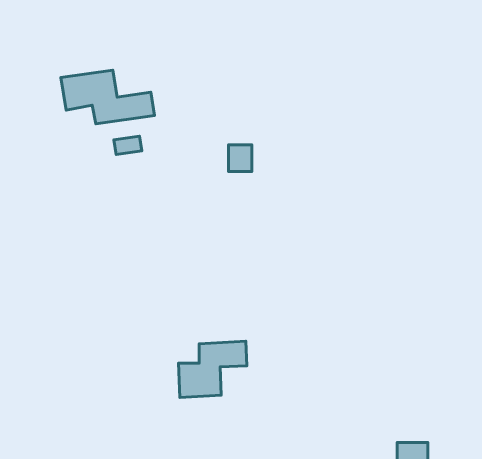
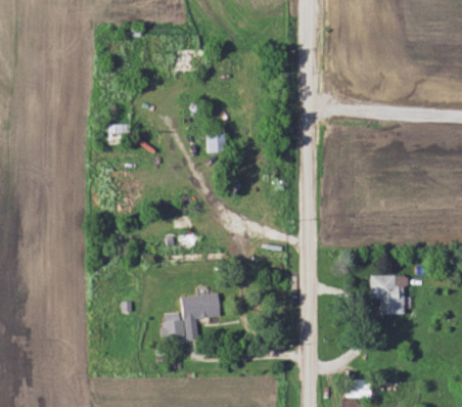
building: [61,70,154,124] -> none
building: none -> [370,275,405,314]

